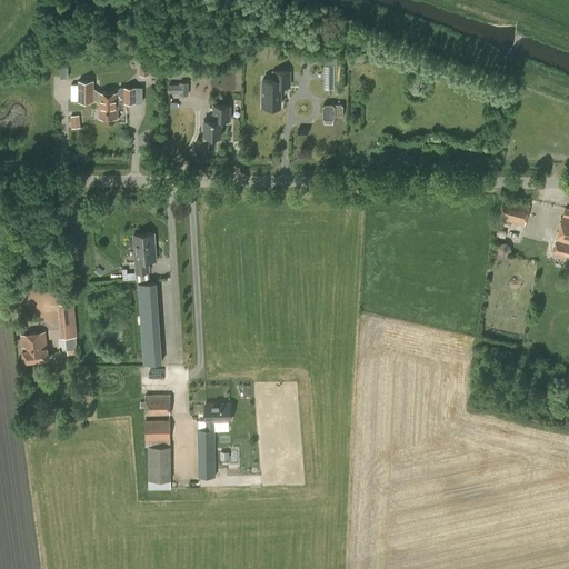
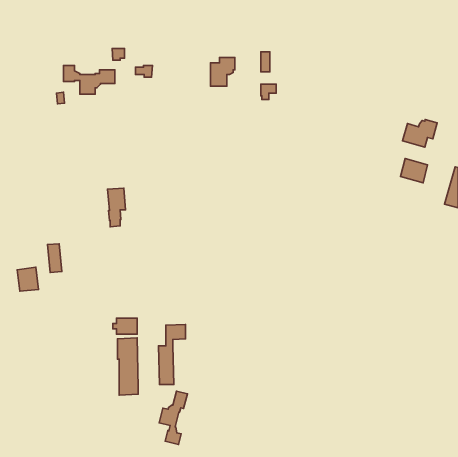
building: [203,106,230,141] -> none
building: none -> [403,119,437,147]
building: [138,283,161,365] -> none
building: none -> [159,391,187,444]

